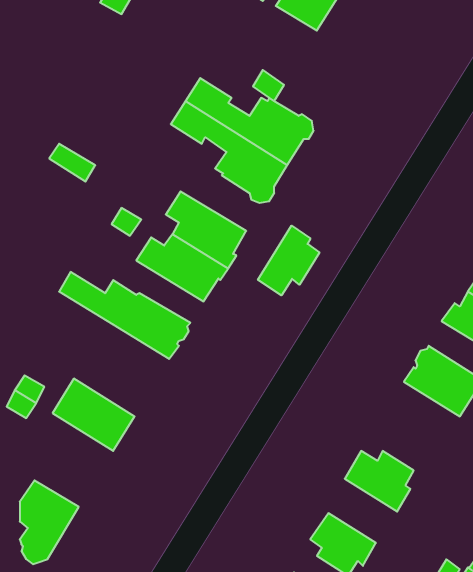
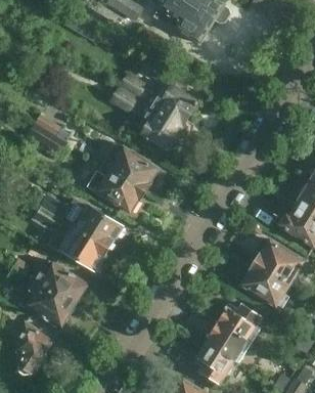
building: [258,226,319,295] -> none
building: none -> [31,206,108,268]
building: none -> [242,262,289,306]
building: none -> [22,281,74,328]
building: none -> [208,322,251,362]

